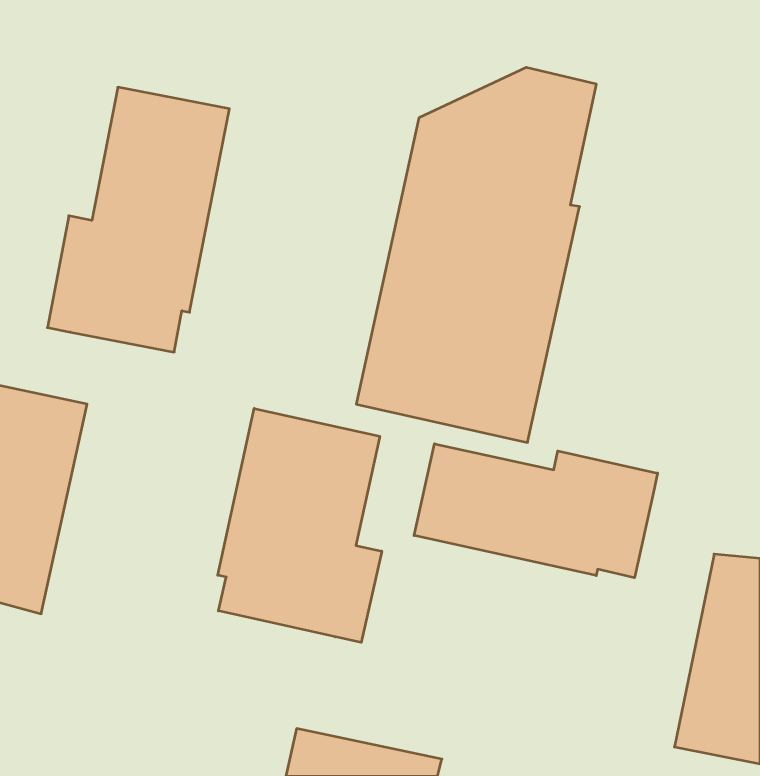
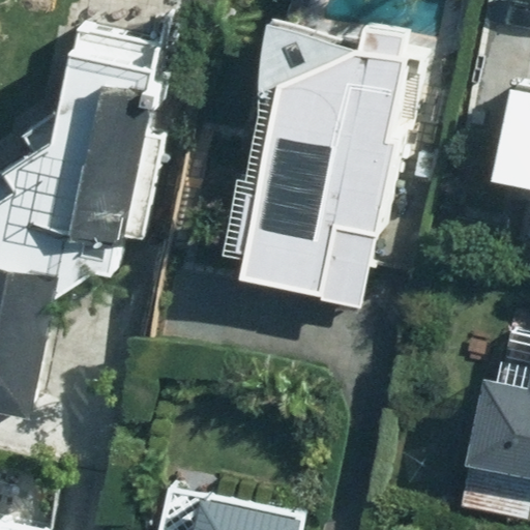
building: [218,408,382,642] -> none
building: [414,444,658,578] -> none

